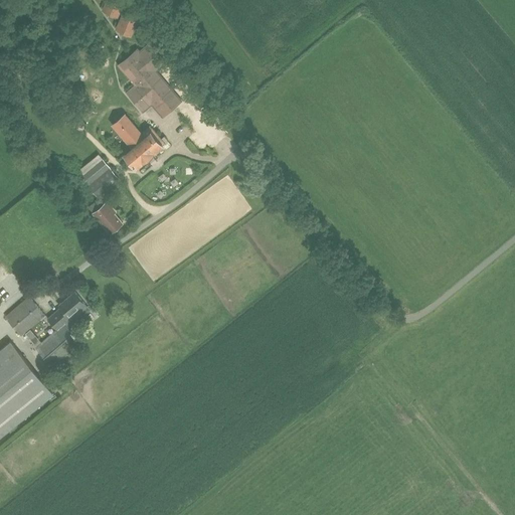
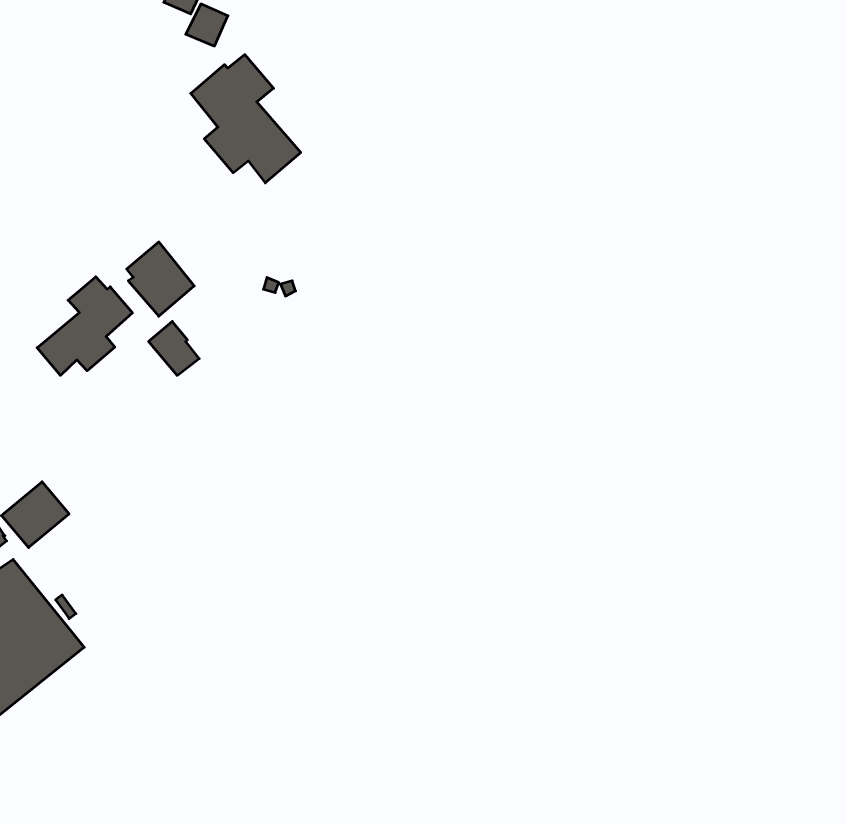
building: [112,116,161,169] -> none
building: none -> [37,277,132,375]
building: [34,294,87,369] -> none

